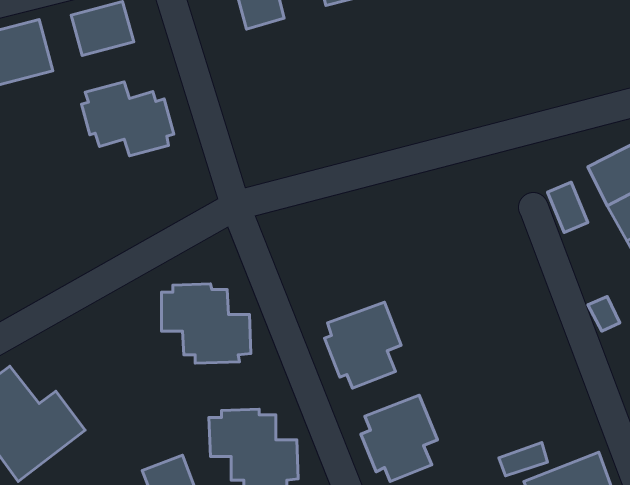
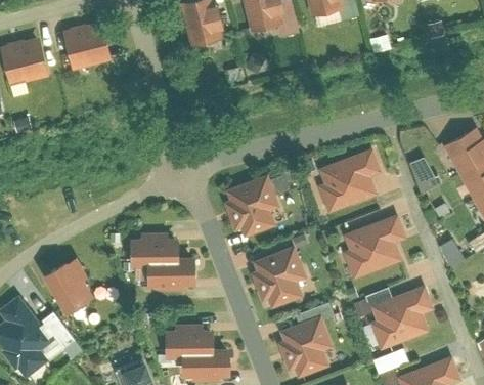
building: [82,82,174,156] -> none
building: none -> [317,149,381,214]
building: none -> [222,174,278,239]
building: none -> [343,215,406,280]
building: none -> [44,254,93,310]
building: none -> [369,286,434,351]

